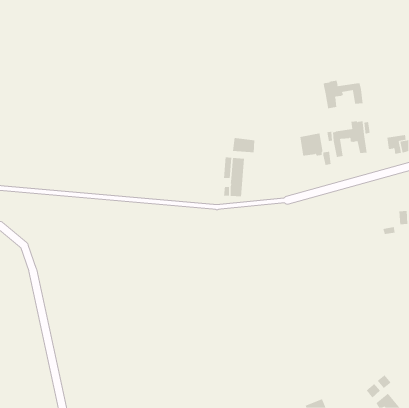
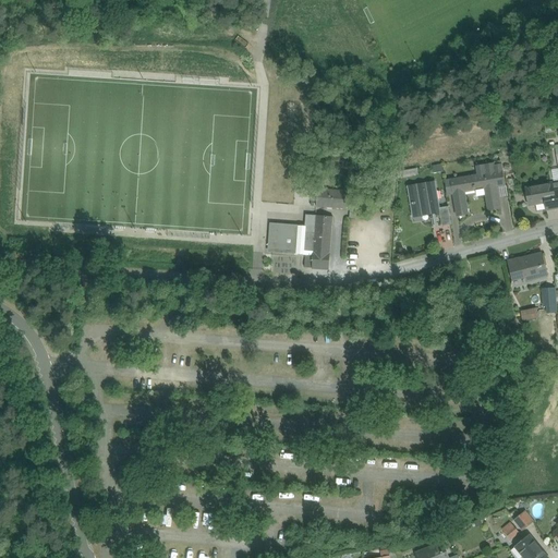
building: [323,80,363,109] -> none
building: none -> [270,222,296,247]
building: none -> [508,253,548,279]

